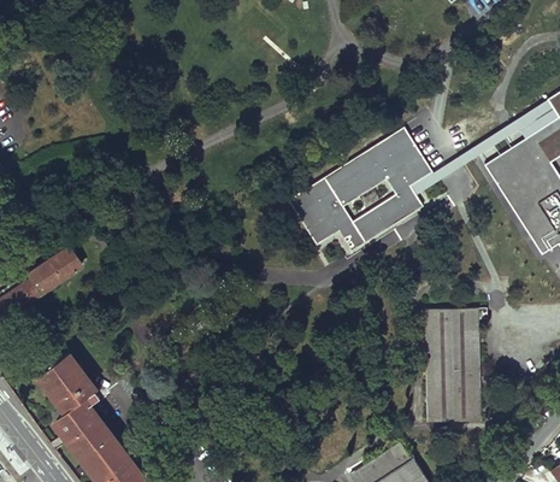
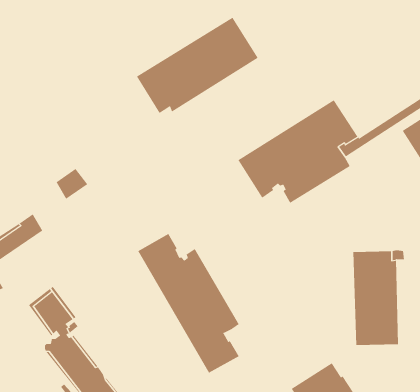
building: none -> [136,17,258,114]
building: [43,247,82,284] -> [56,168,88,199]
building: none -> [138,233,240,373]

